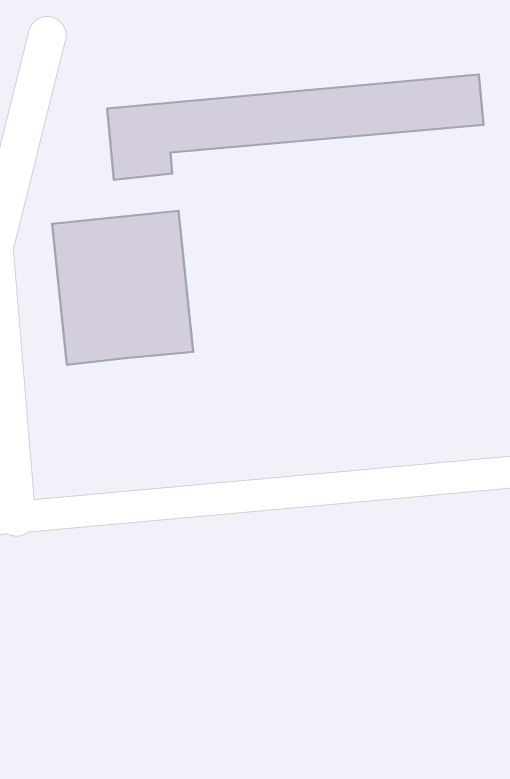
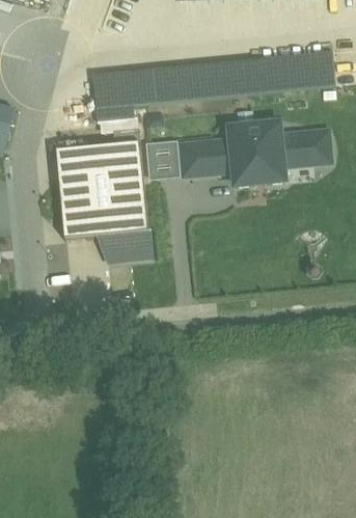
building: none -> [145,119,332,187]
building: none -> [103,230,152,262]

